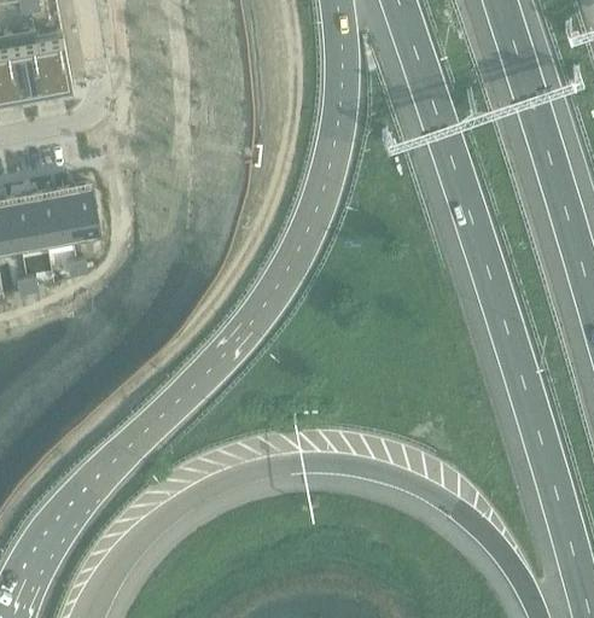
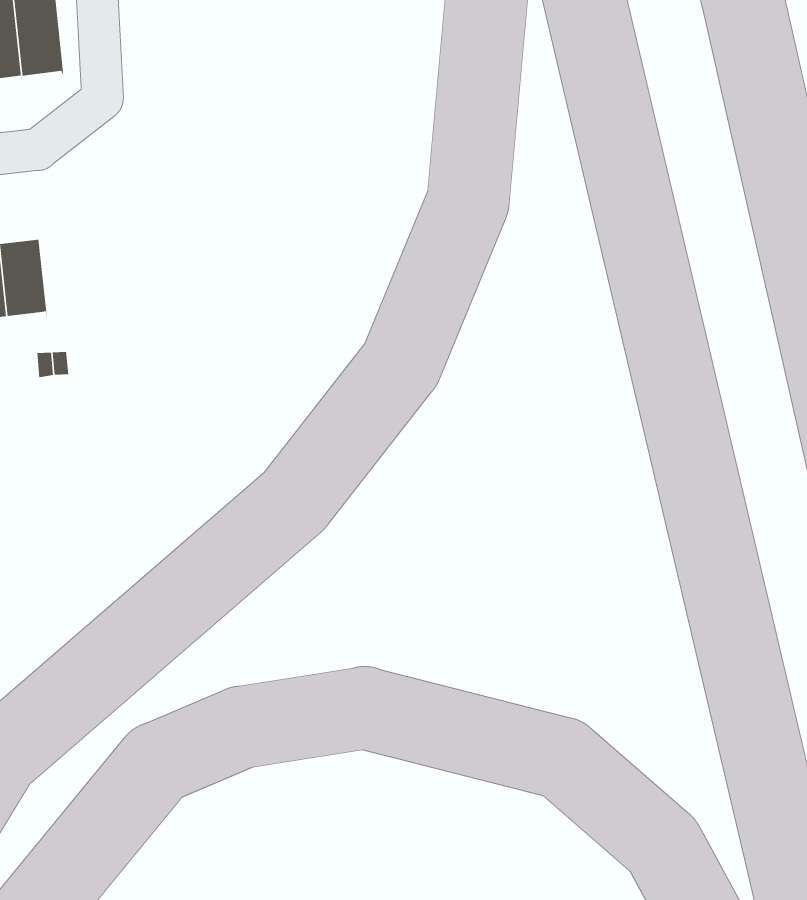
building: [62,191,98,247] -> none

